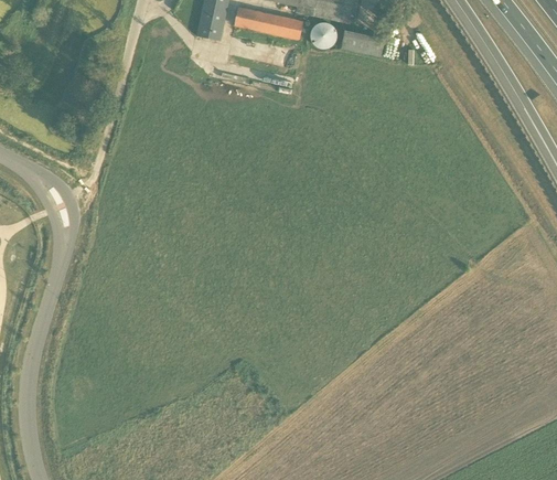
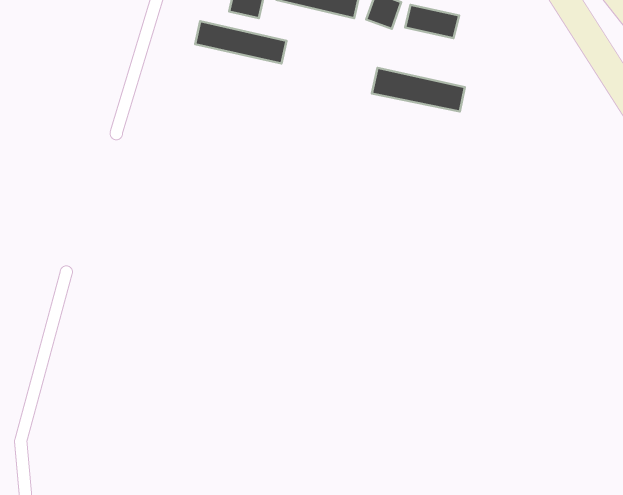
building: none -> [195,21,287,64]
building: none -> [372,68,465,112]

